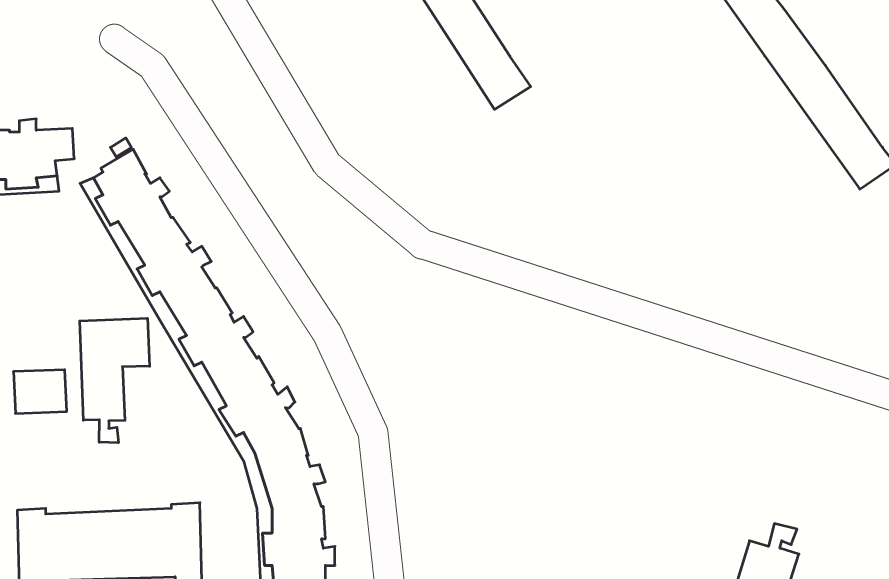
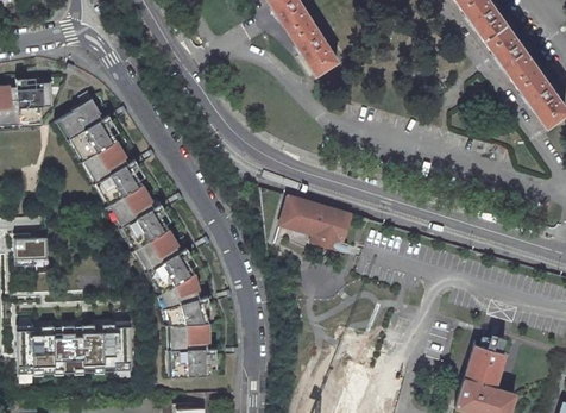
building: none -> [281,196,352,254]
building: [80,318,150,443] -> none

